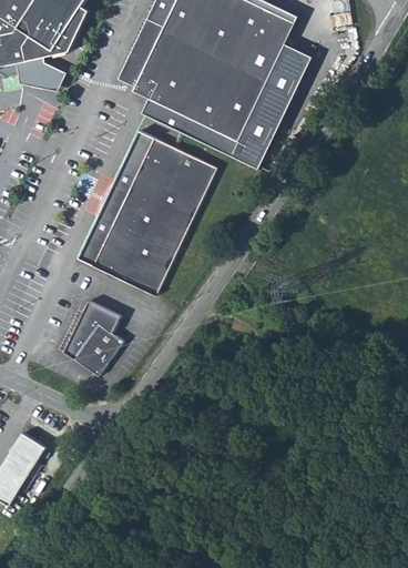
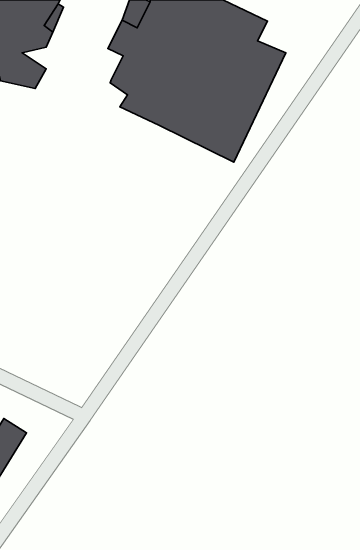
building: [119,51,145,83] -> none
building: [81,129,220,292] -> none
building: [65,295,125,372] -> none

